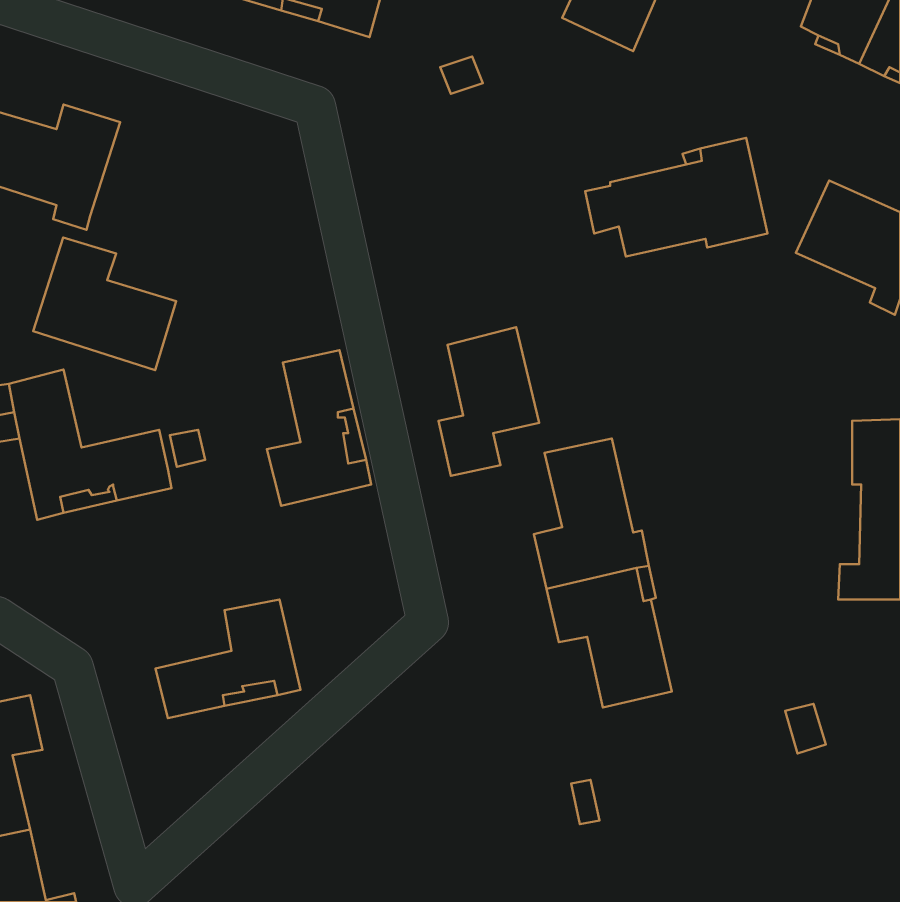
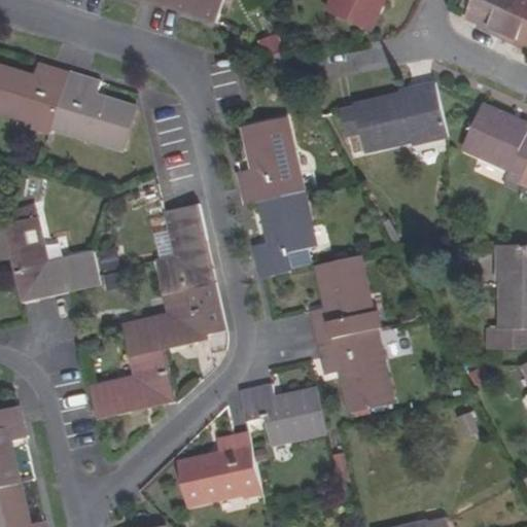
building: none -> [239,117,301,204]
building: [33,238,176,370] -> [52,71,136,148]
building: none -> [121,282,226,356]
building: none -> [240,384,326,443]
building: none -> [178,431,262,503]

